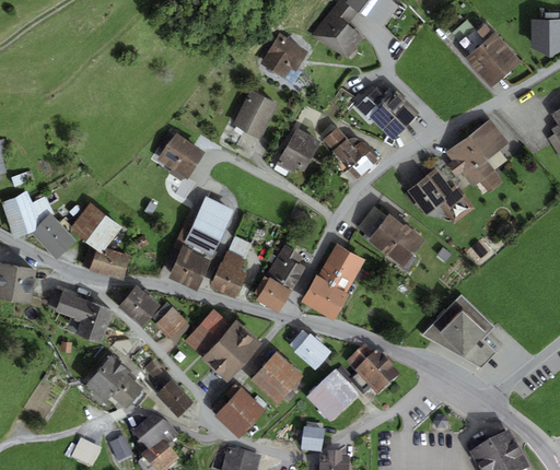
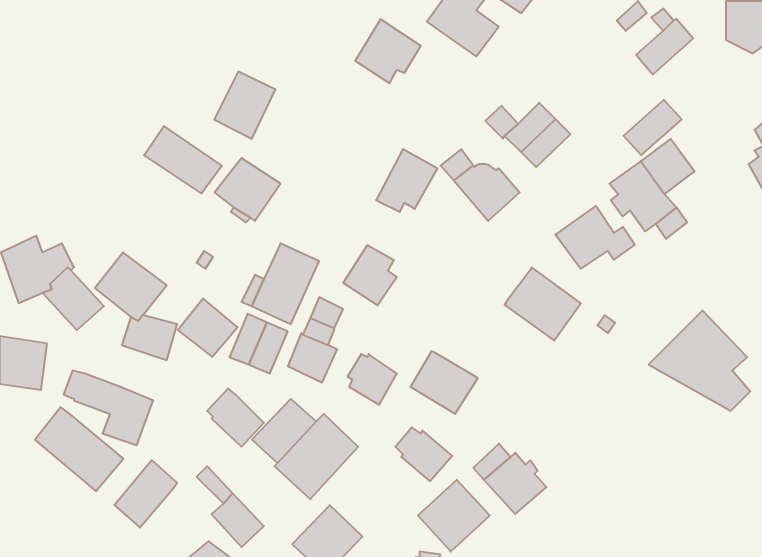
building: [478,46,521,86] -> [623,100,682,155]
building: [233,90,278,139] -> [214,72,276,139]
building: none -> [144,126,222,193]
building: [358,205,388,237] -> none
building: [318,243,366,292] -> none
building: [267,245,306,289] -> [343,245,397,305]
building: [117,284,161,327] -> [178,299,238,357]
building: [422,294,497,367] -> [649,311,750,411]
building: none -> [35,407,123,491]
building: [250,351,303,403] -> none
building: [110,374,143,408] -> none

